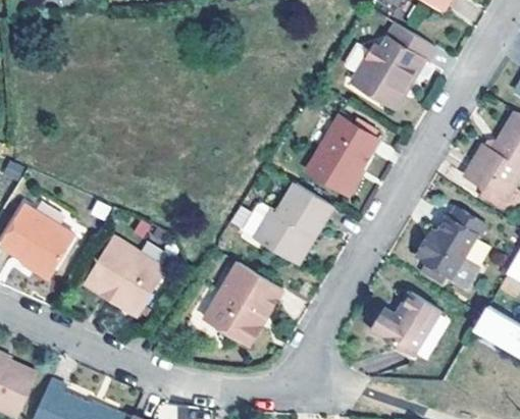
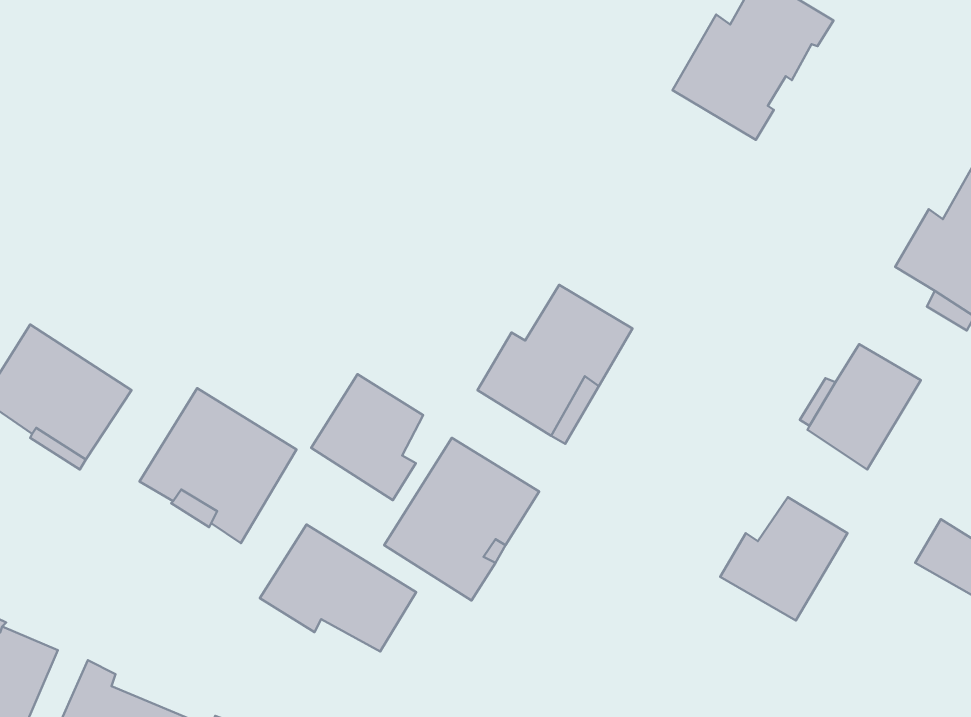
building: [306,117,376,195] -> none
building: none -> [311,374,423,500]
building: none -> [260,524,416,652]

